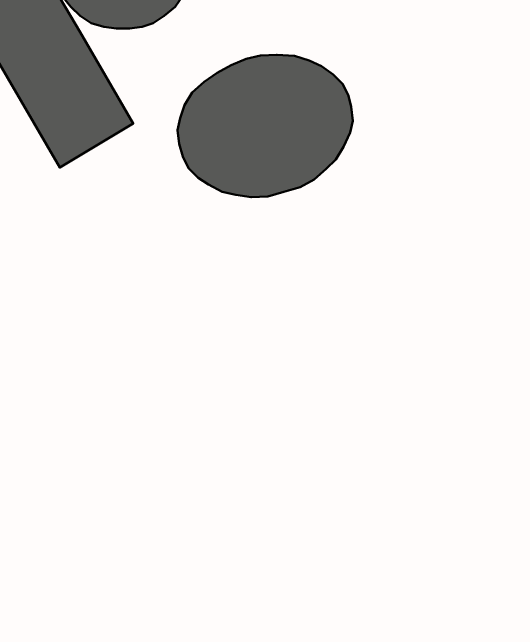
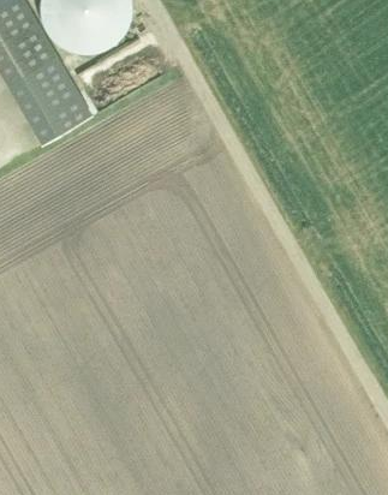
building: [177,55,353,197] -> none

